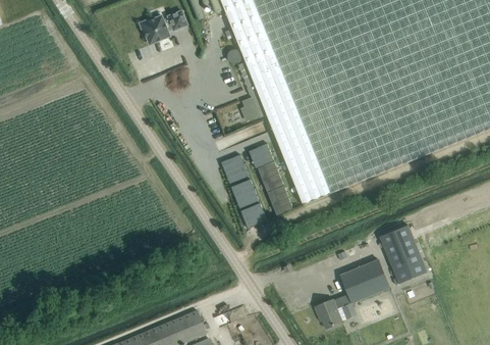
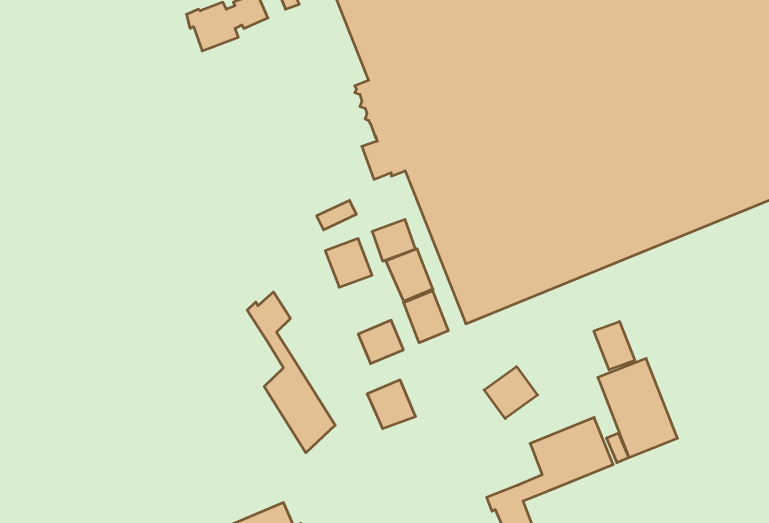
building: [230,179,259,207] -> [367,380,416,429]
building: none -> [247,292,335,453]
building: none -> [594,321,635,370]
building: none -> [484,367,538,419]

